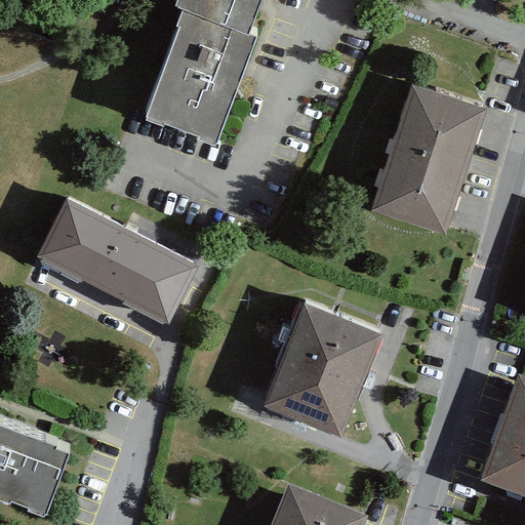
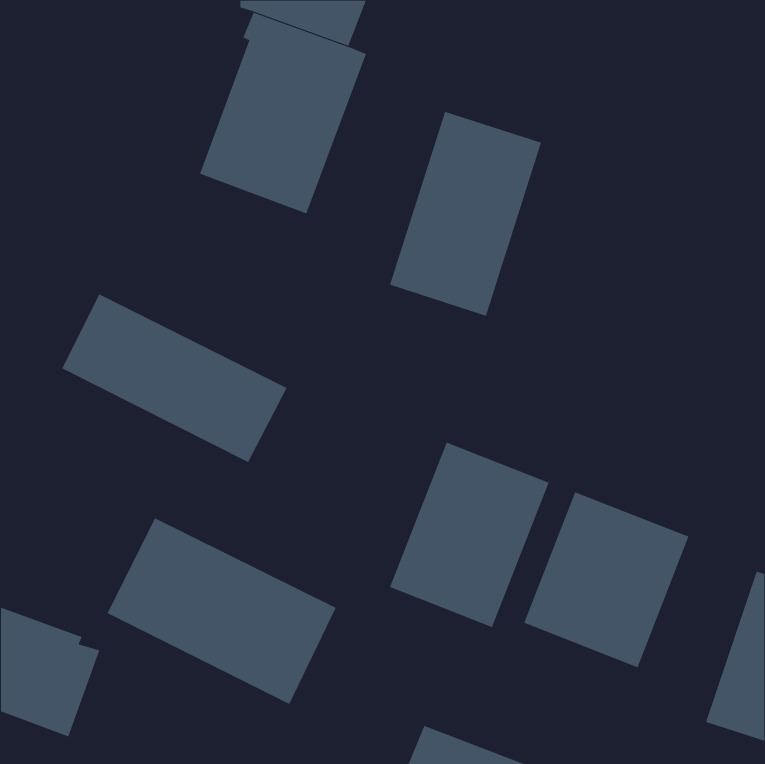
building: [375,86,480,227] -> [389,111,542,316]
building: none -> [523,491,689,668]
building: none -> [107,518,337,705]

